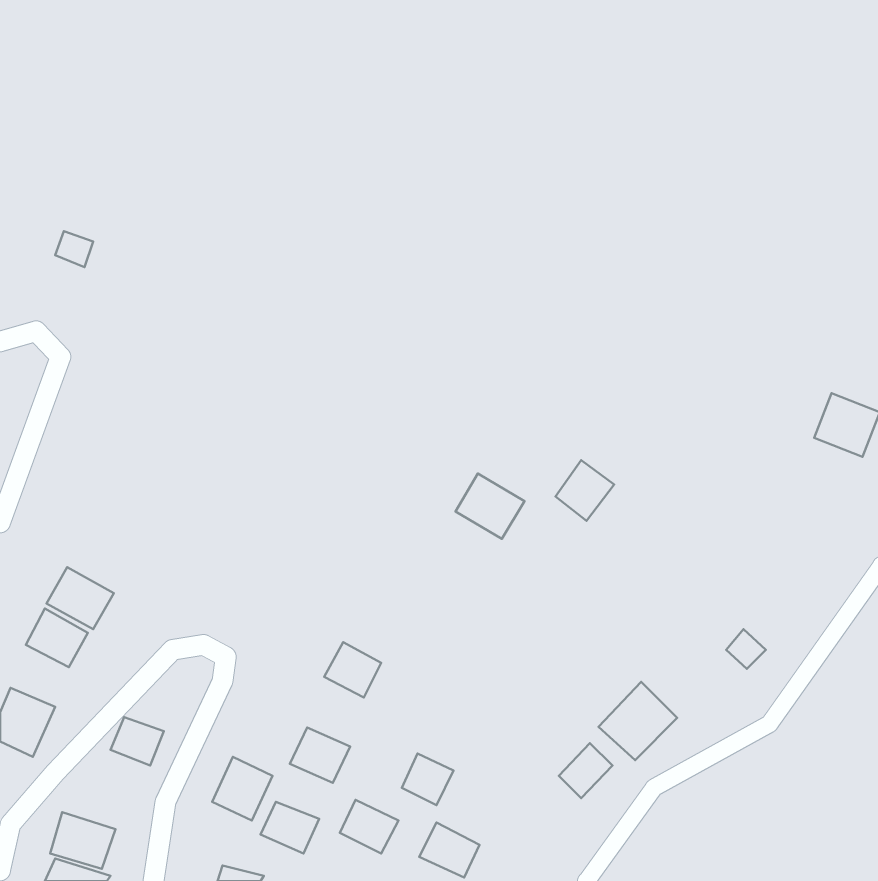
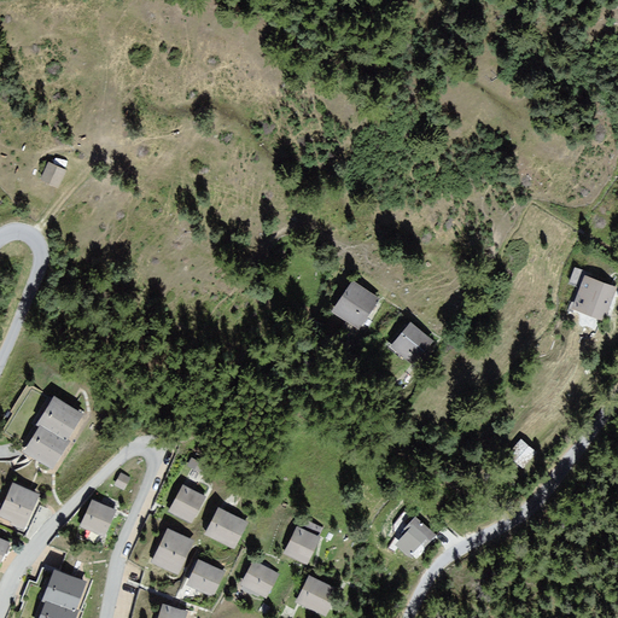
building: [455,473,524,539] -> [333,281,381,327]
building: [324,642,381,697] -> [169,485,209,524]
building: [598,682,677,760] -> none

